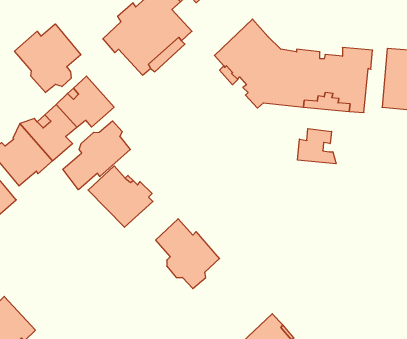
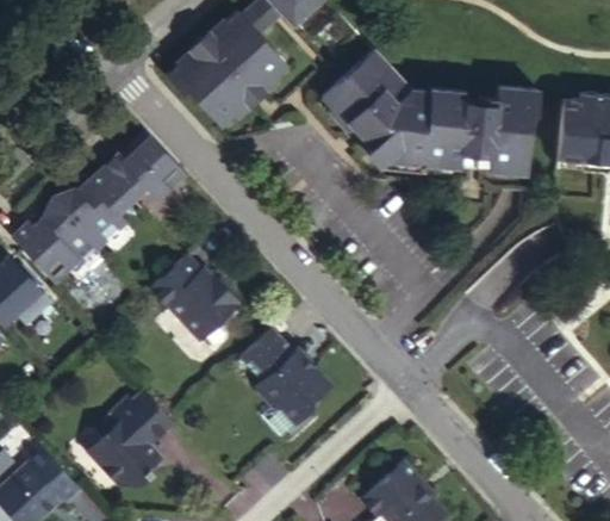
building: [15,24,81,93] -> none
building: [63,121,130,190] -> none
building: [298,129,336,164] -> none
building: none -> [89,389,172,483]

